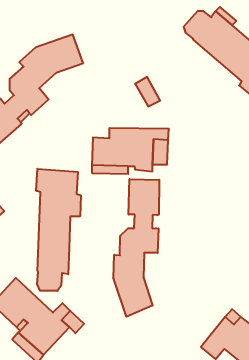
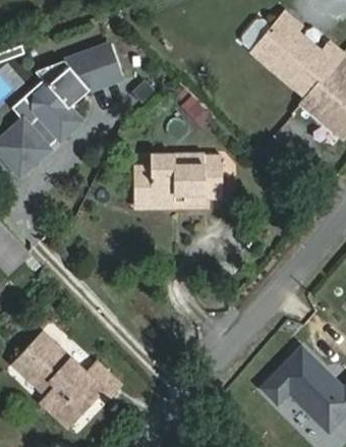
building: [36,169,81,291] -> none
building: [114,179,159,317] -> none

